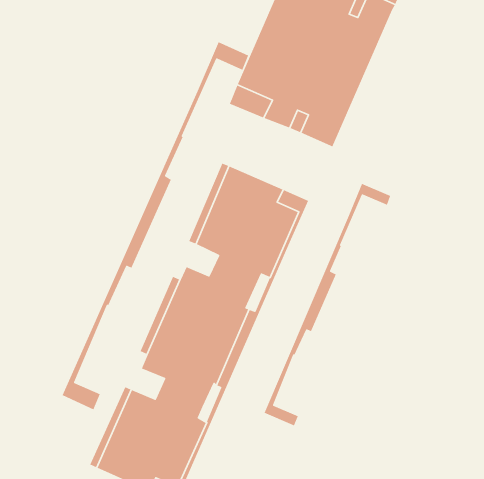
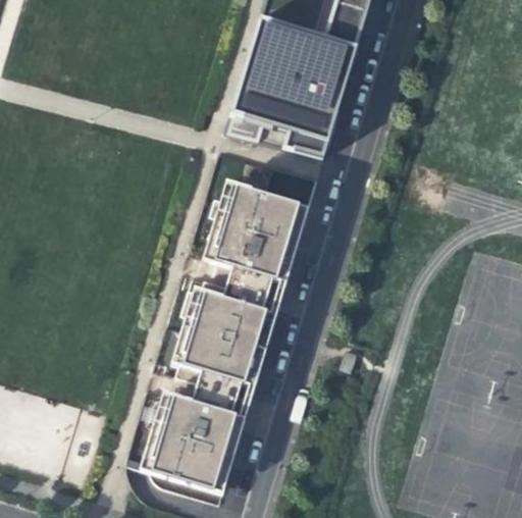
building: [62,41,249,410] -> none
building: [264,183,391,427] -> none

